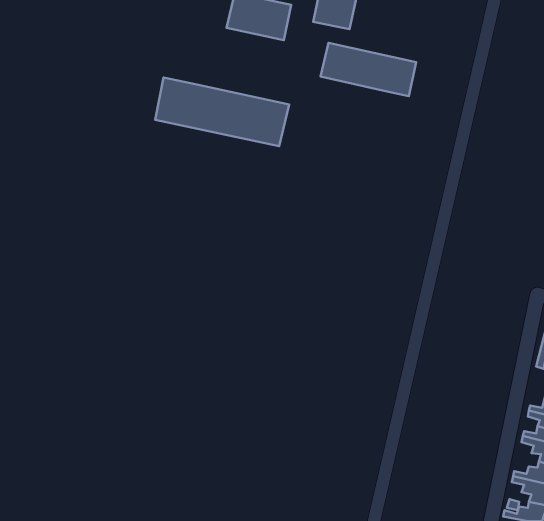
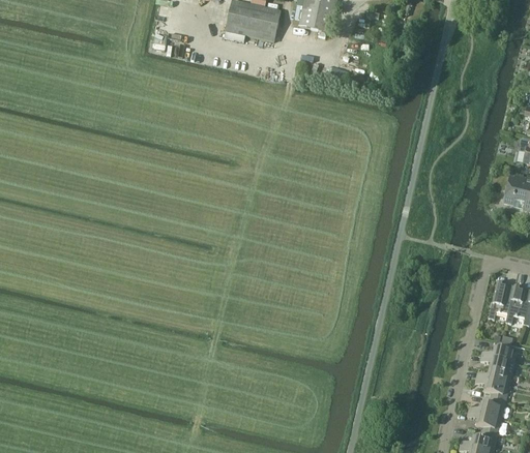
building: [320,43,416,96] -> none
building: [155,77,289,146] -> none

